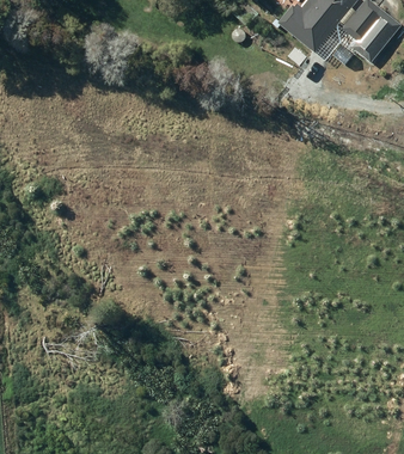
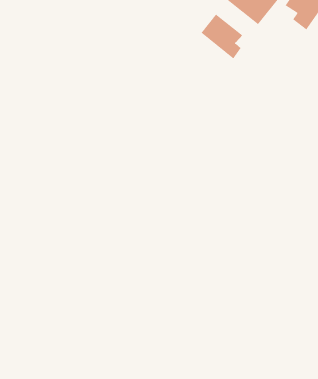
building: none -> [200,13,243,59]

